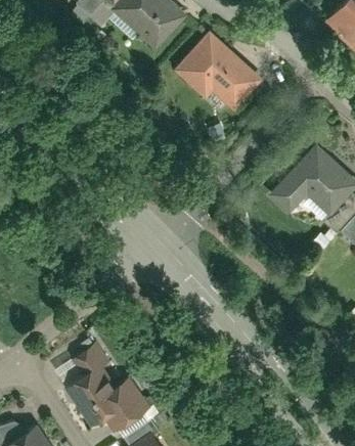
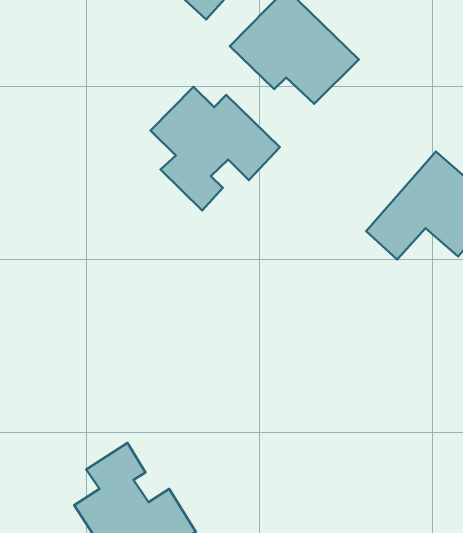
building: none -> [151,87,280,211]

